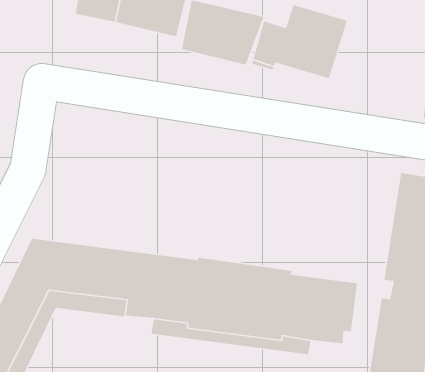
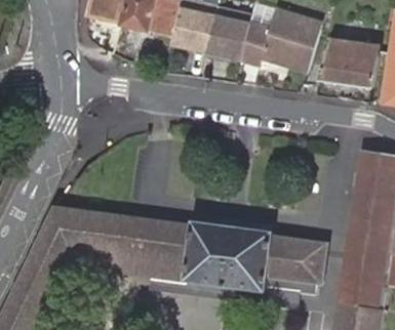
building: none -> [321,39,378,85]

